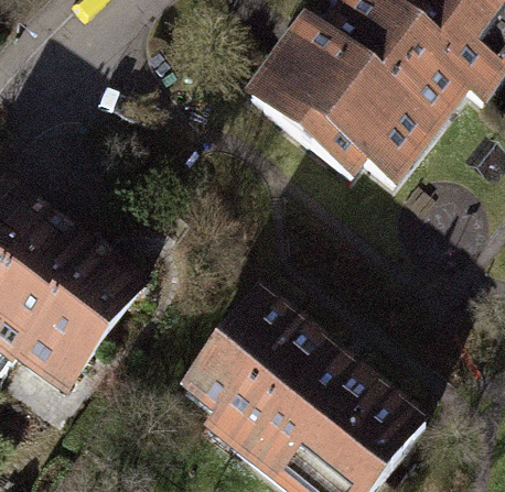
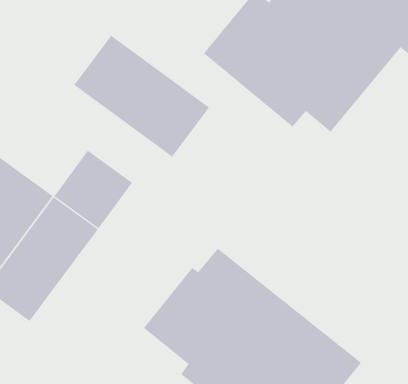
building: none -> [73,35,210,157]

